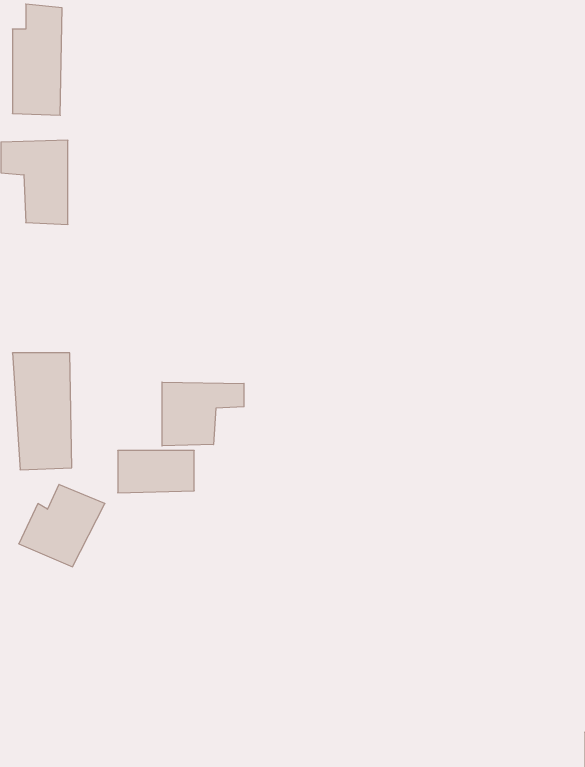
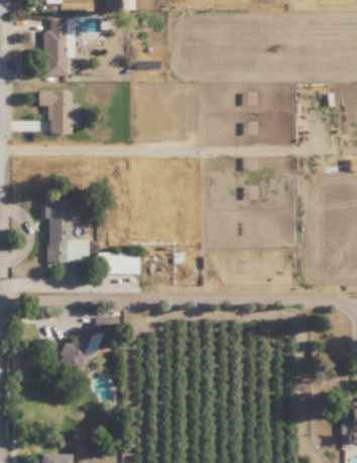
building: [162,382,244,446] -> none
building: [19,484,105,567] -> [57,330,103,373]

